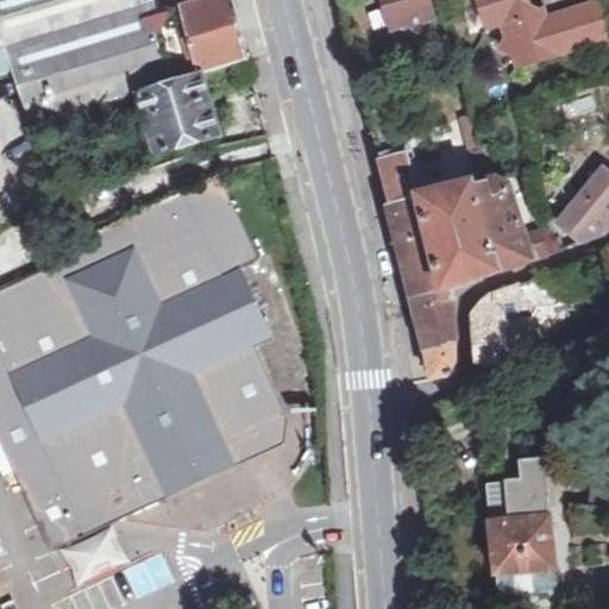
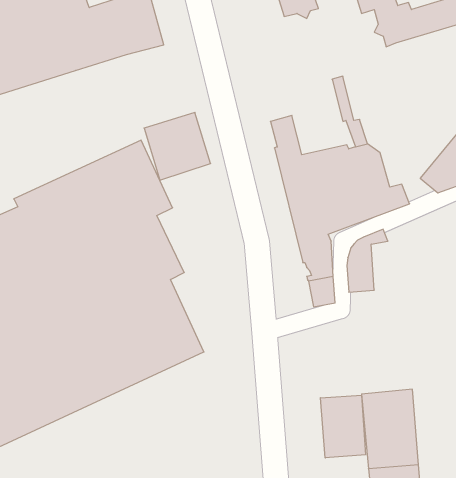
building: [138,73,219,155] -> [144,112,211,180]
building: none -> [320,395,365,458]

